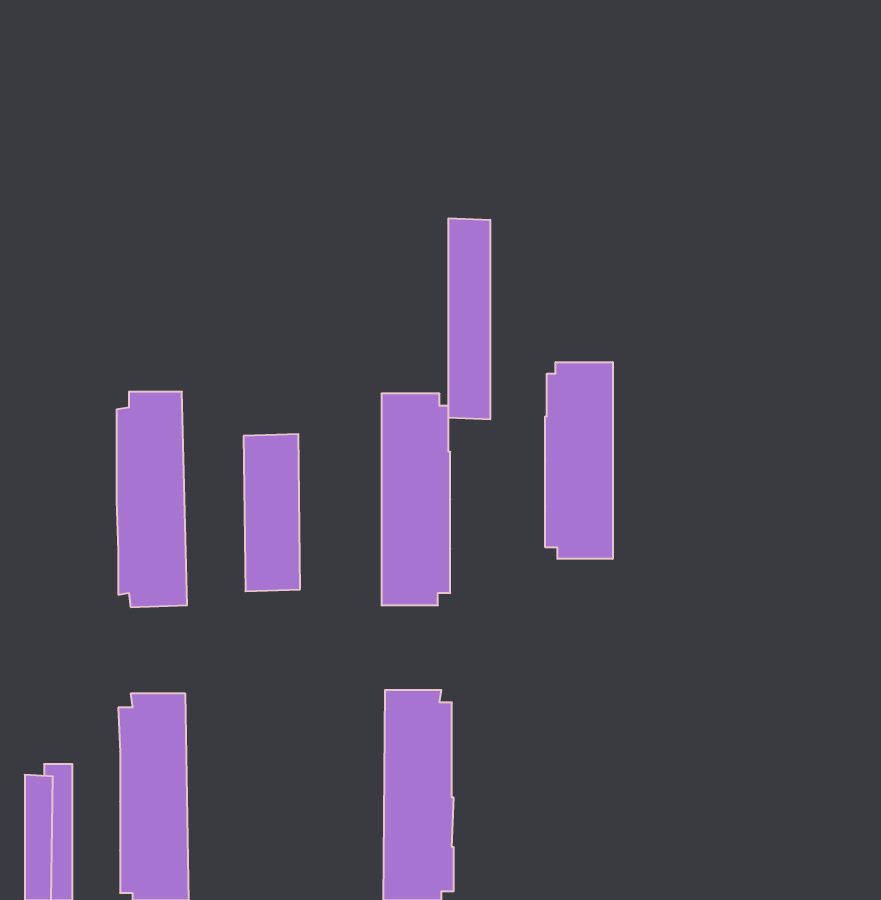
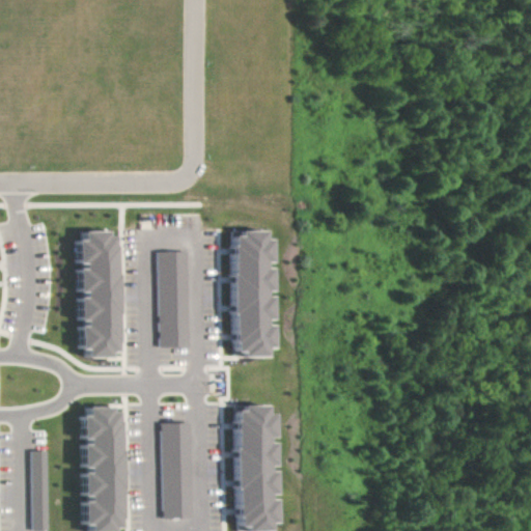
building: [448,218,490,419] -> none
building: [545,362,613,559] -> none
building: none -> [159,428,190,521]

